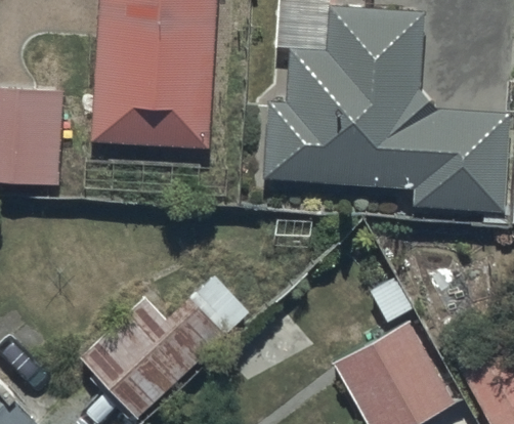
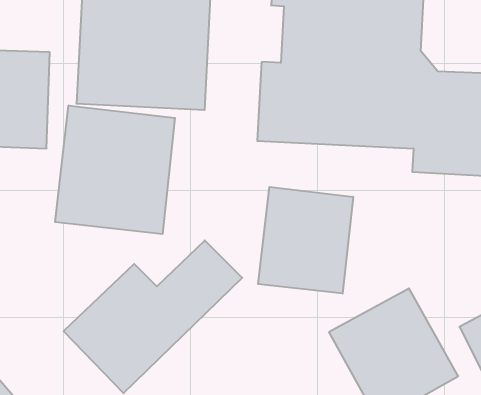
building: none -> [55,105,175,234]
building: none -> [258,187,353,294]

